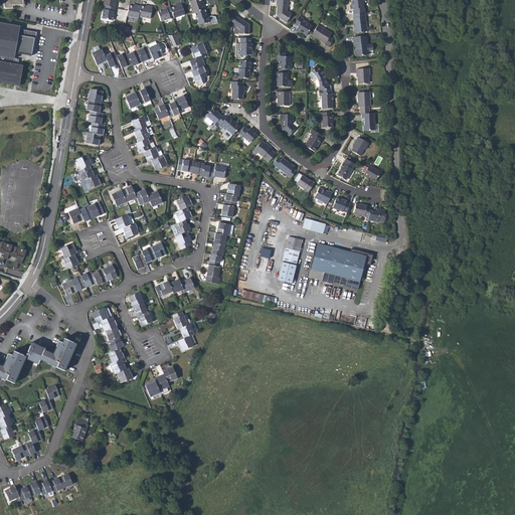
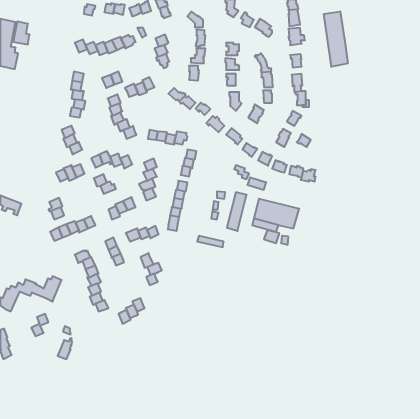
building: none -> [324,11,348,67]
building: [11,415,48,460] -> none
building: [5,473,72,500] -> none

